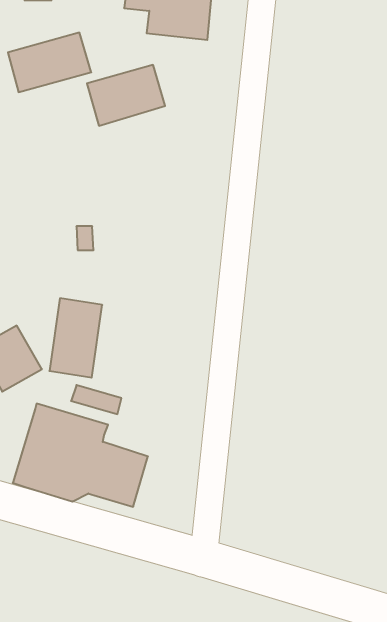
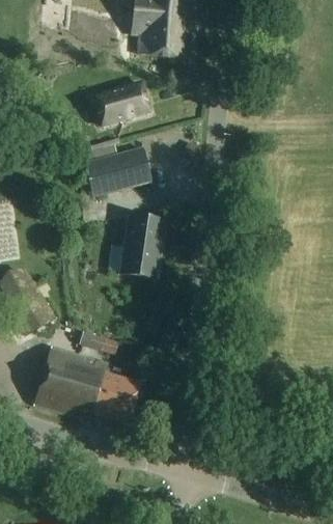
building: [8,33,91,92] -> [86,148,151,195]
building: [49,298,102,378] -> [122,213,164,275]

